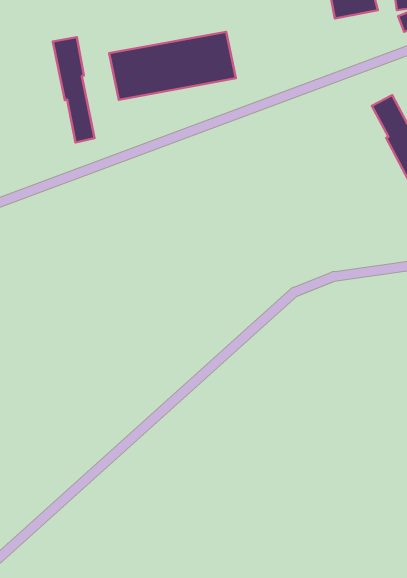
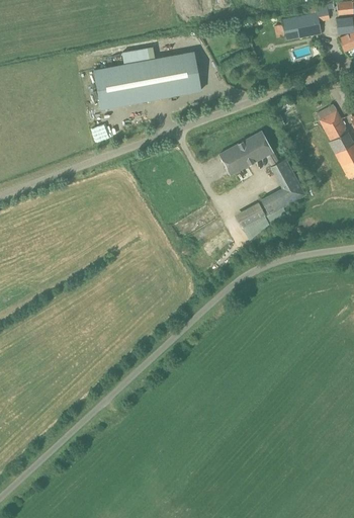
building: [53,37,95,142] -> none
building: none -> [219,132,305,237]

